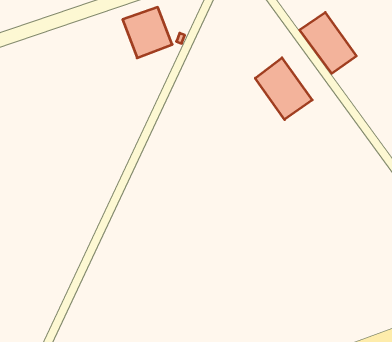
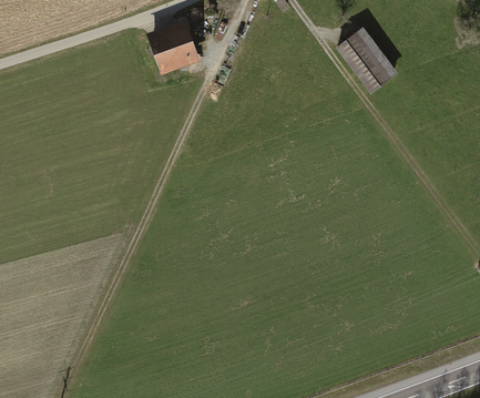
building: [255,58,312,120] -> none

